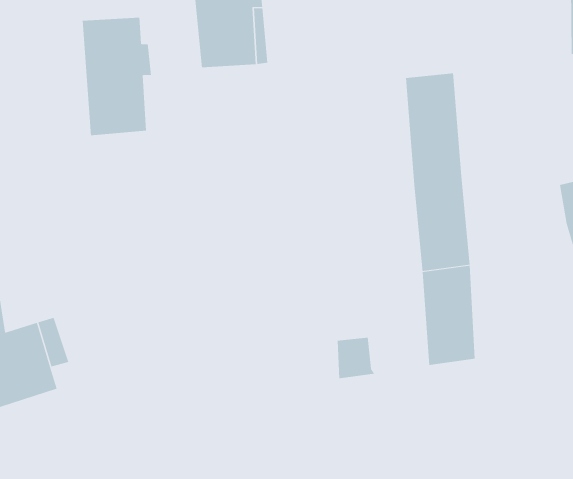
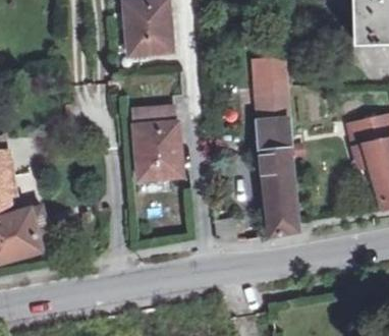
building: [82,17,152,136] -> [135,106,178,178]

